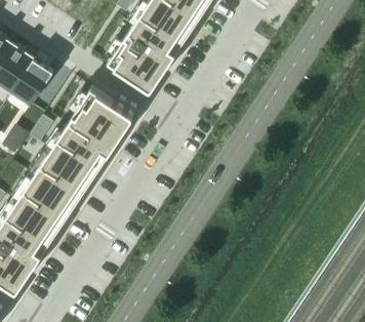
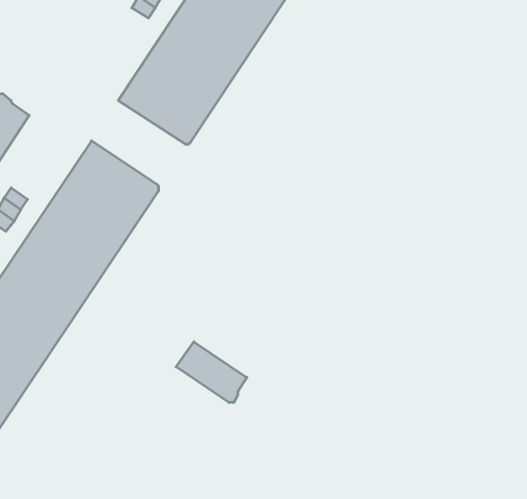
building: none -> [176,342,247,403]

